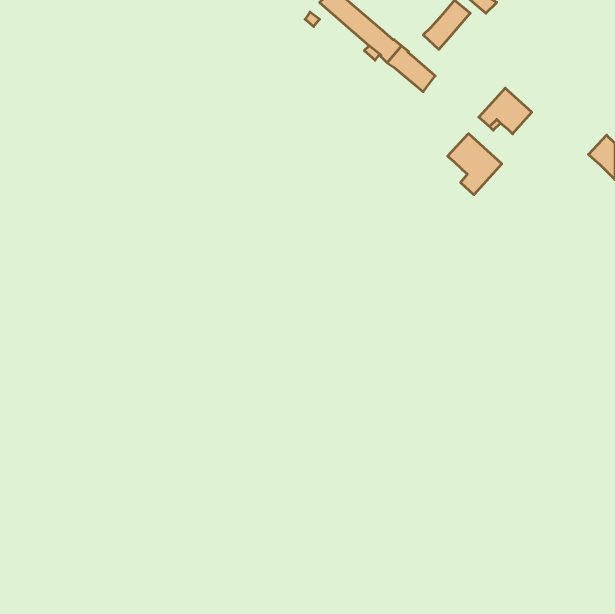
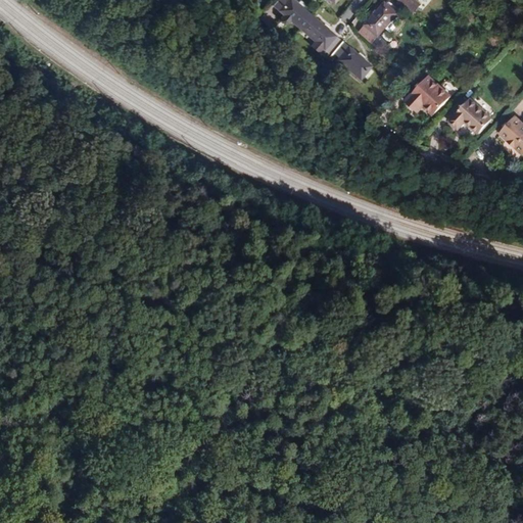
building: none -> [449,96,491,132]
building: [448,134,502,195] -> none

